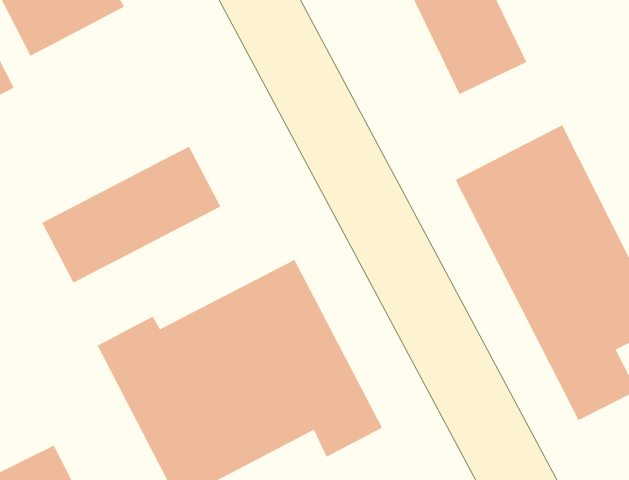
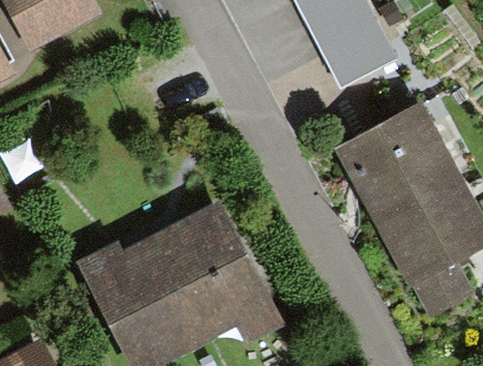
building: [41,146,221,284] -> none

